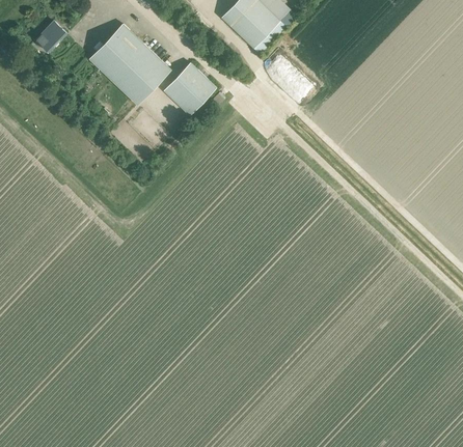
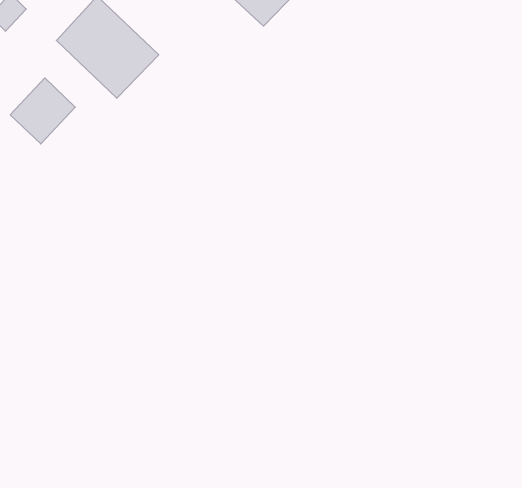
building: [165,62,216,114] -> none
building: none -> [10,78,75,144]

